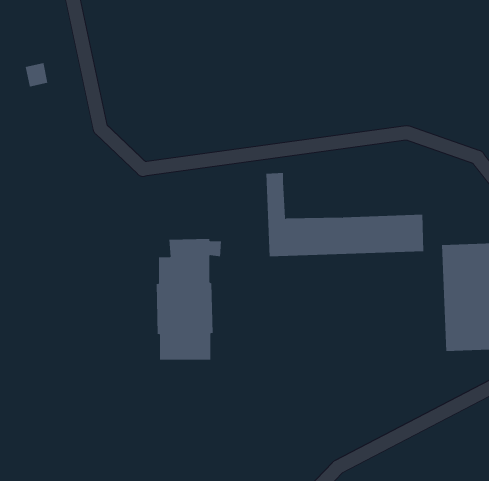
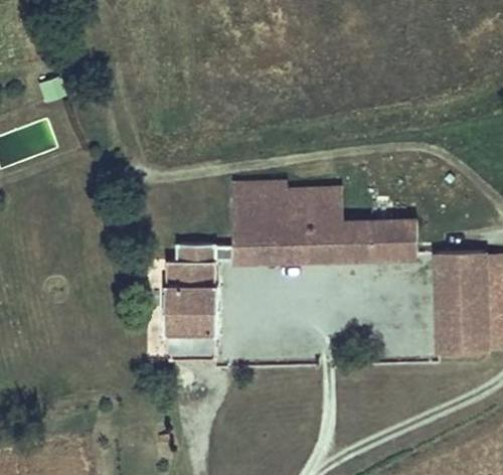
building: none -> [230,183,272,263]
building: none -> [286,189,341,225]

